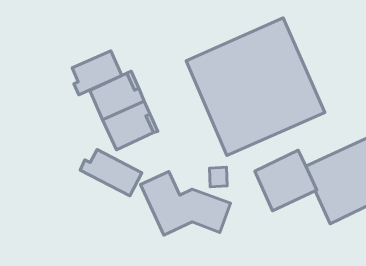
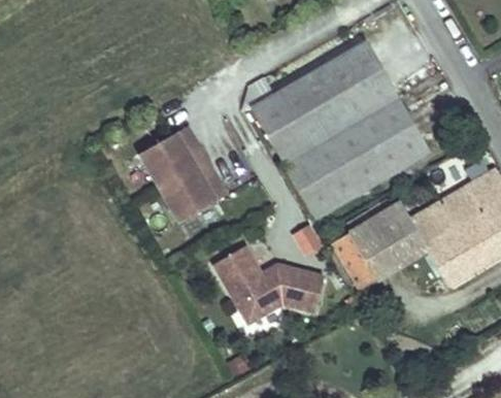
building: [72,51,122,95] -> none
building: [80,149,142,196] -> none
building: none -> [332,232,377,289]

